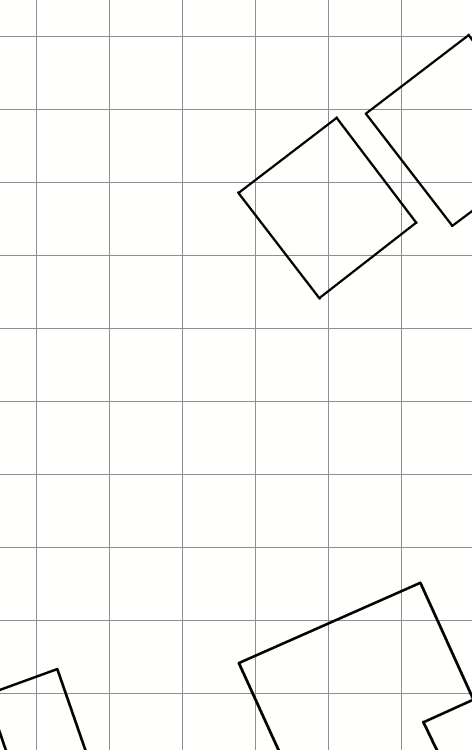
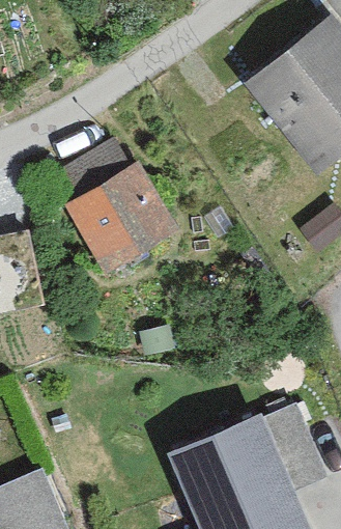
building: [238,118,416,298] -> none
building: none -> [35,147,172,271]

